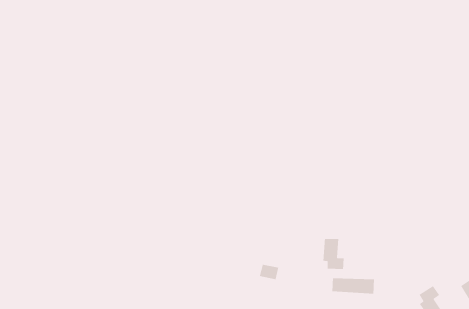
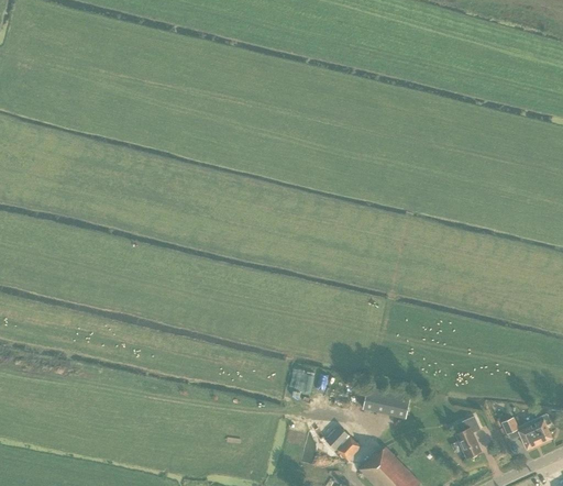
building: [323,238,344,270] -> none

